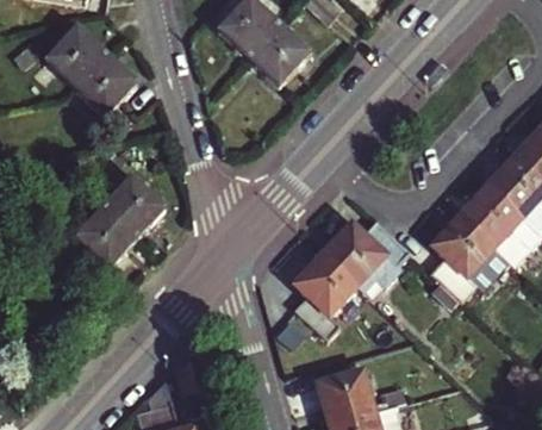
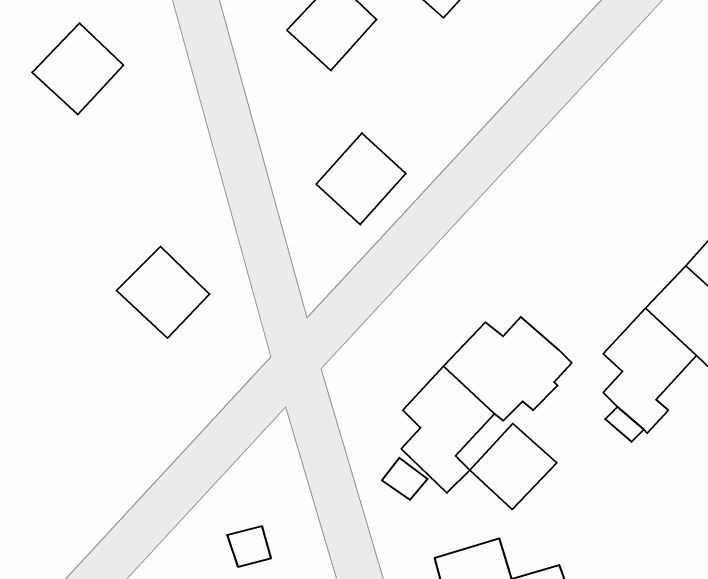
building: [248,19,309,81] -> [316,133,406,225]
building: [76,50,137,111] -> none
building: [75,202,137,263] -> none
building: none -> [470,424,557,509]

